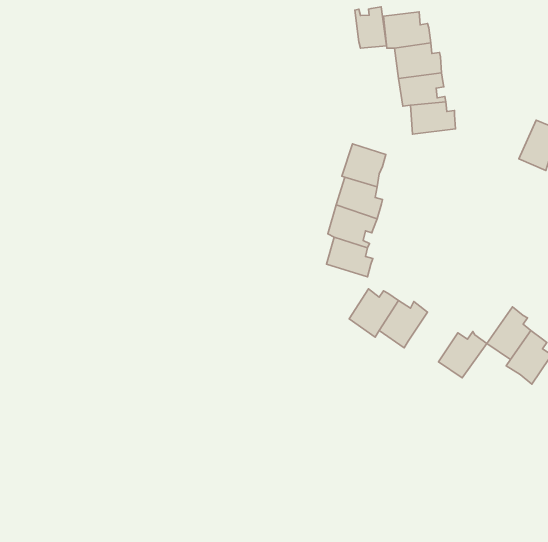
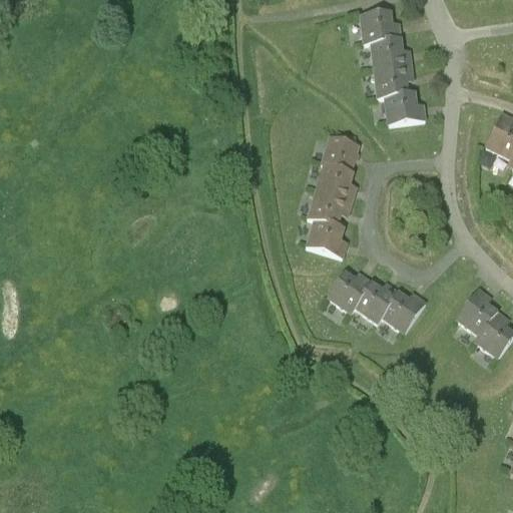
building: [355,7,387,48] -> none
building: [438,332,487,378] -> [382,291,427,334]

